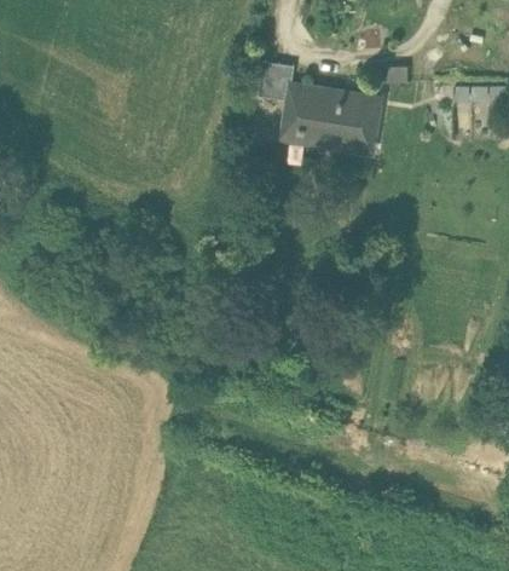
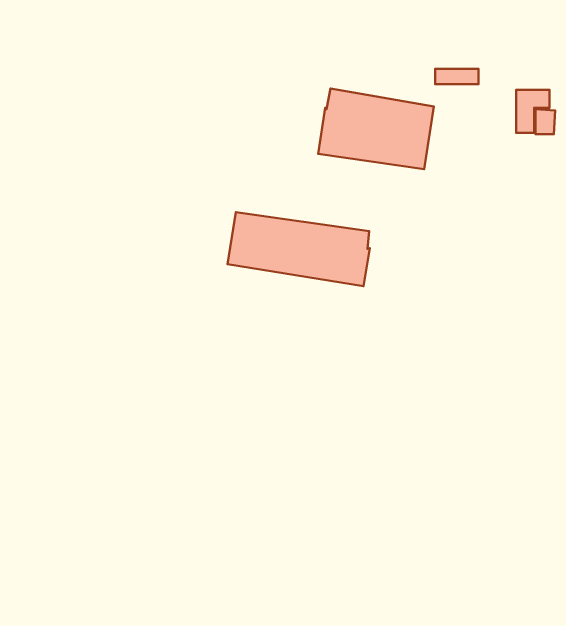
building: [259,63,295,102] -> none
building: none -> [228,212,370,286]

